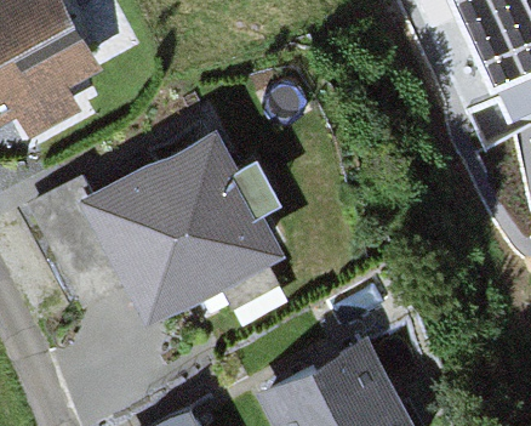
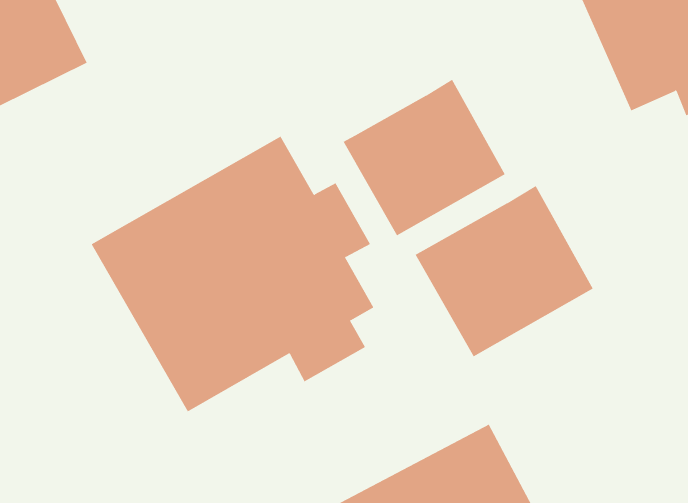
building: none -> [343,79,505,236]
building: none -> [415,185,594,357]

